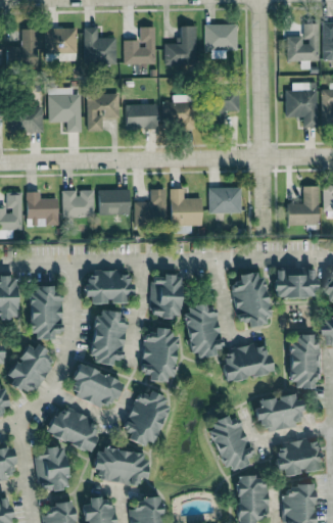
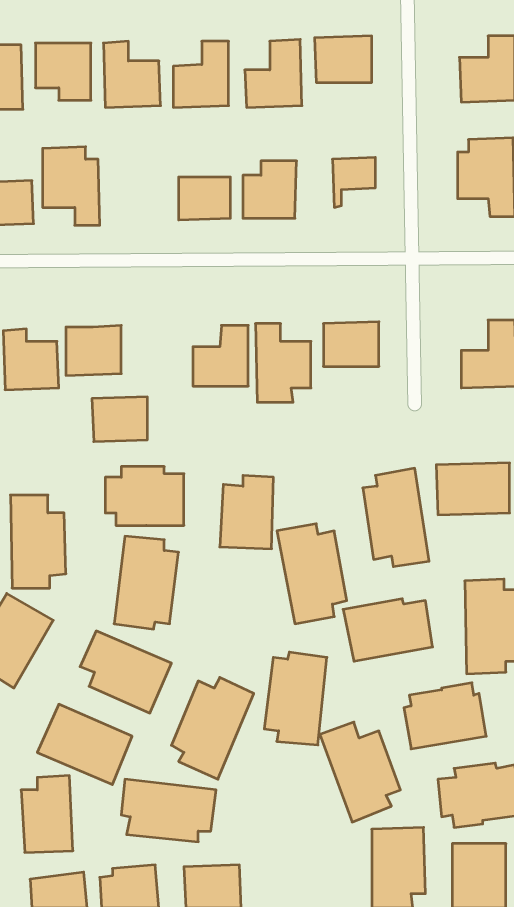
building: [87,93,120,131] -> none
building: [98,189,130,215] -> [92,397,147,442]
building: [141,329,177,382] -> [264,652,327,745]

